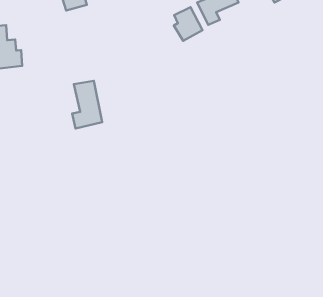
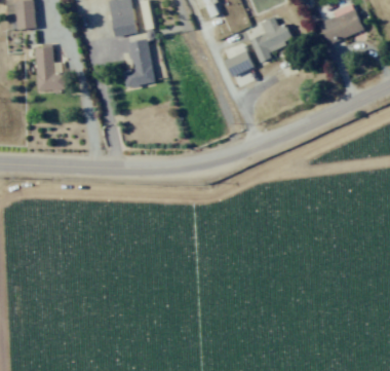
building: [72,81,102,128] -> [123,40,153,87]

